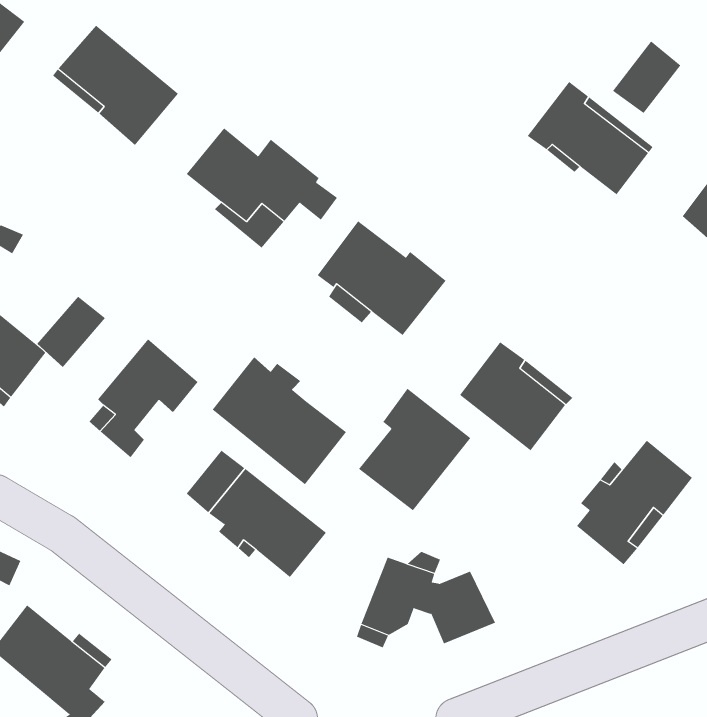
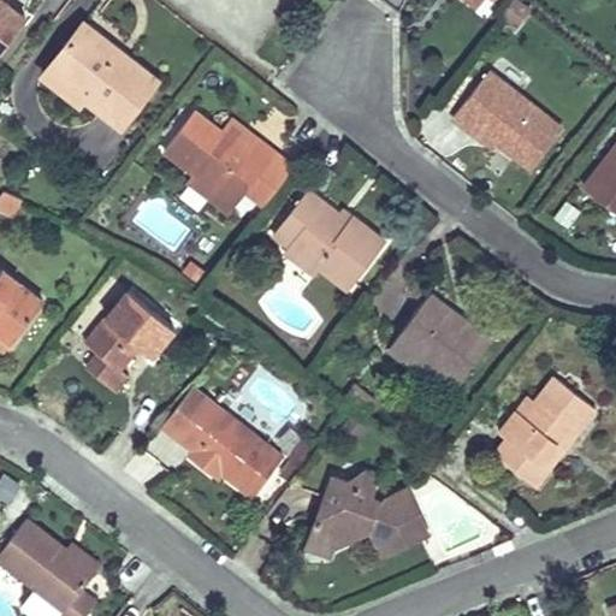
building: [612,41,681,114] -> none
building: [37,296,106,368] -> none
building: [212,357,347,485] -> none
building: [358,388,471,511] -> none

